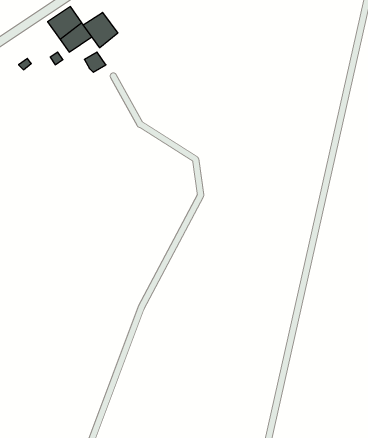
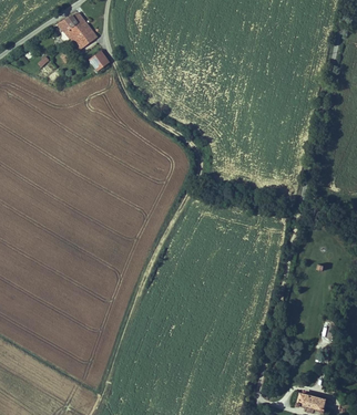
building: [83,12,118,48] -> none

